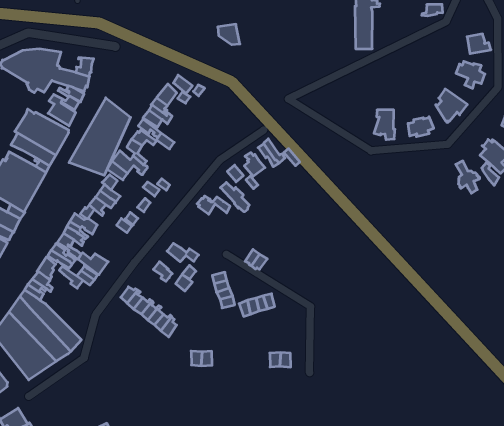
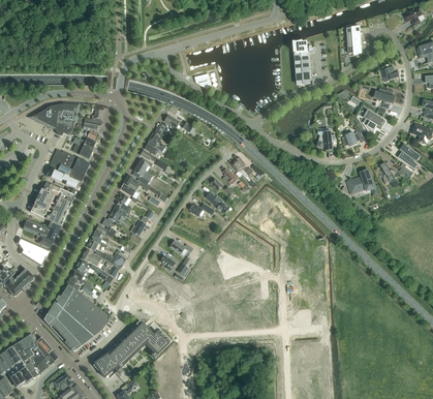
building: [69,98,131,175] -> none
building: none -> [348,168,378,194]
building: none -> [93,319,172,376]

